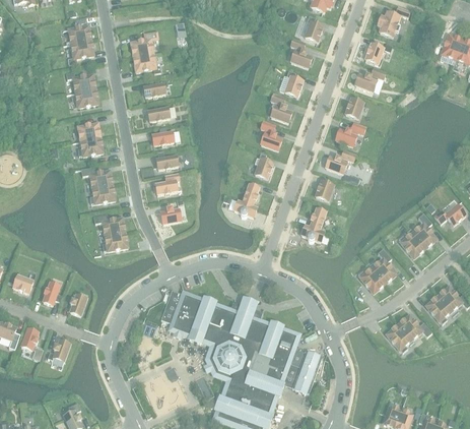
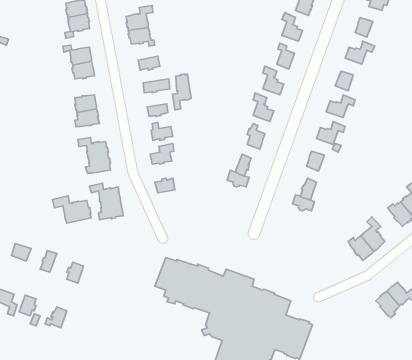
building: none -> [172,74,191,110]
building: none -> [52,196,91,223]

